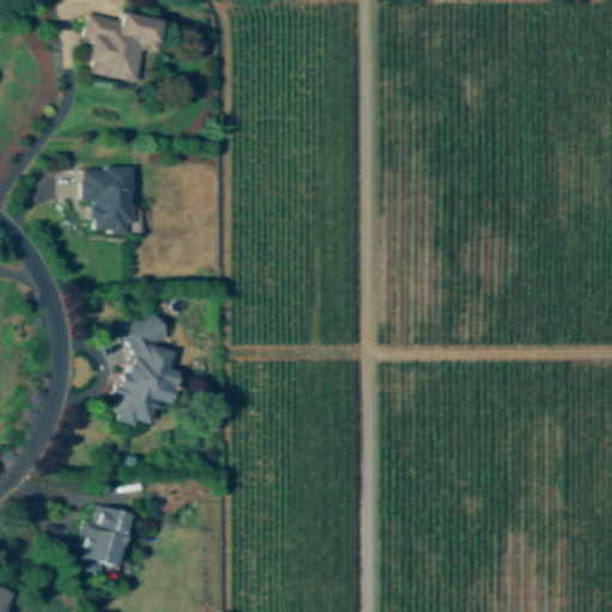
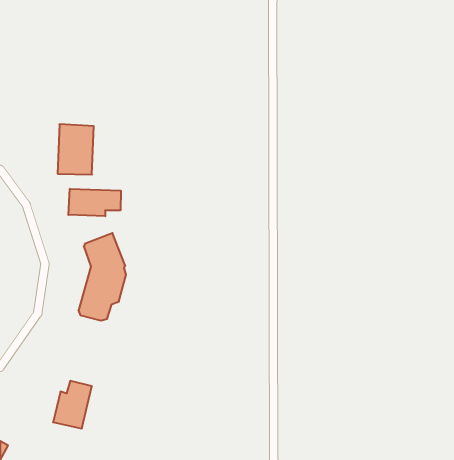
building: [87,14,166,84] -> none
building: none -> [68,189,121,216]

